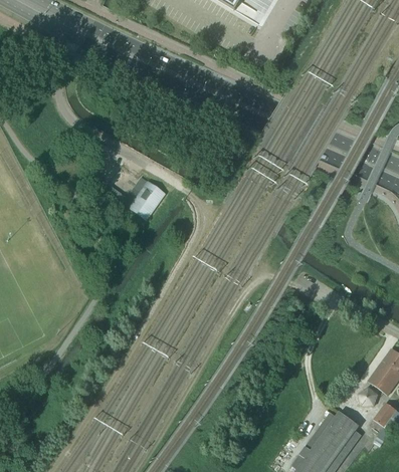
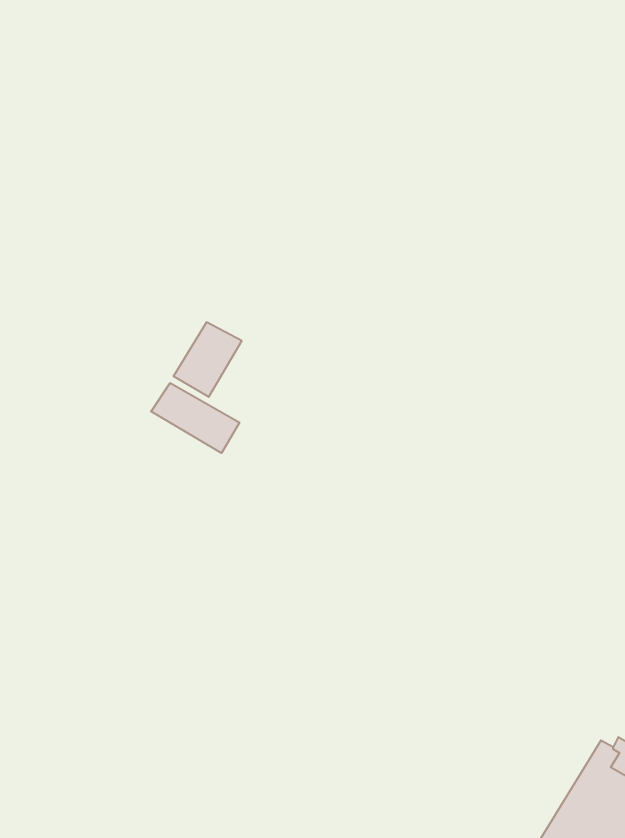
building: none -> [151,383,239,453]

